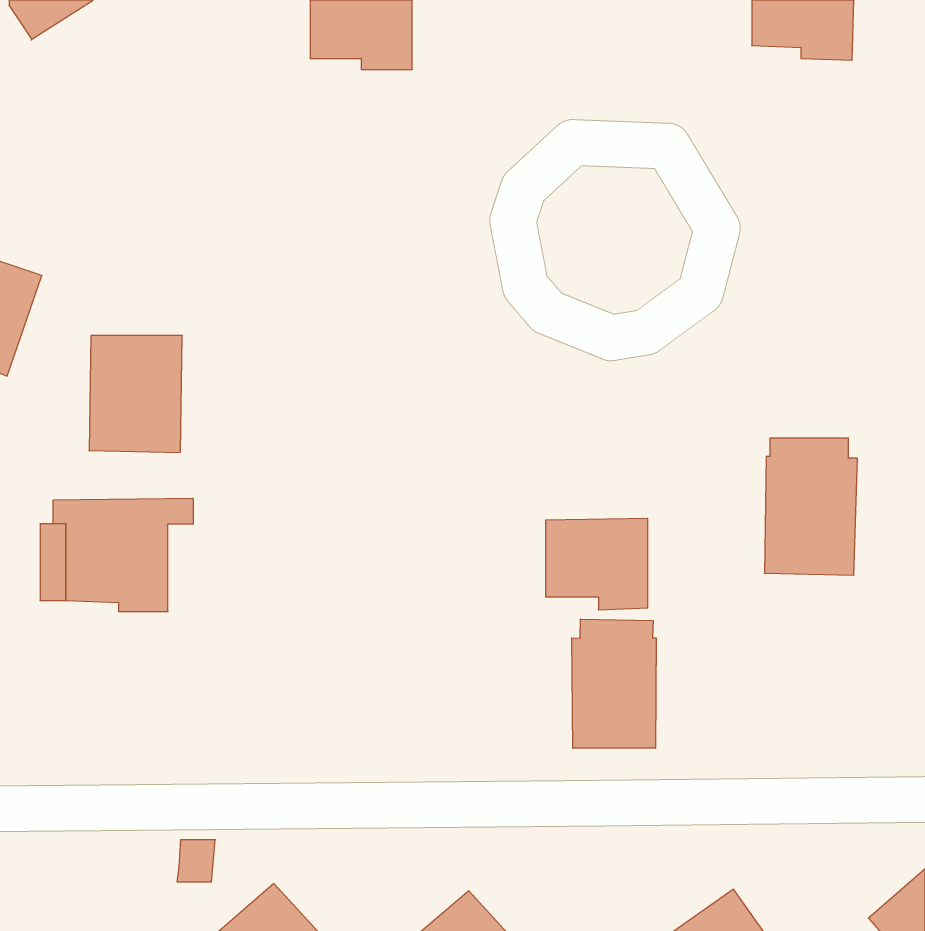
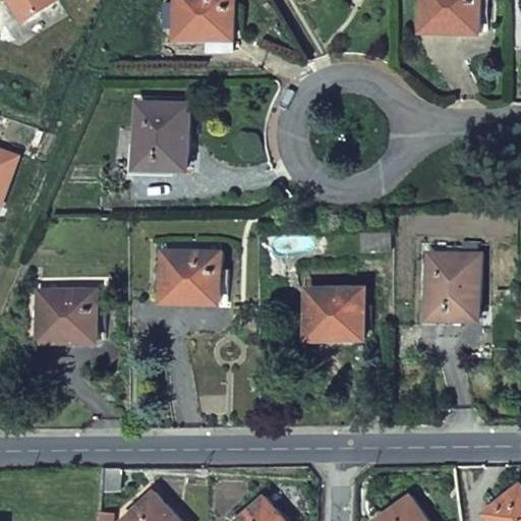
building: [89,336,182,452] -> [134,105,186,170]
building: none -> [160,240,218,304]
building: [572,619,656,748] -> none

